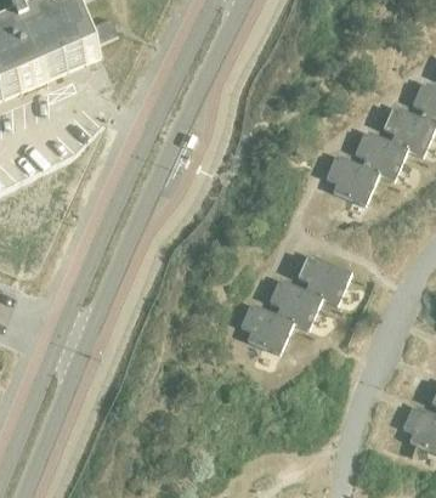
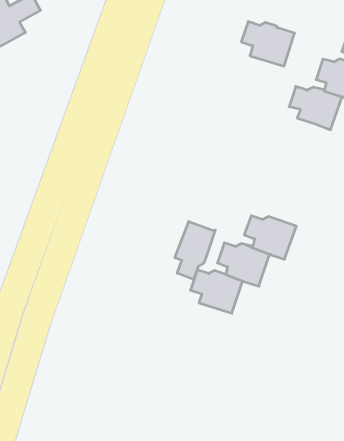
building: [325,154,379,202] -> [241,22,295,66]
building: none -> [175,221,215,279]

